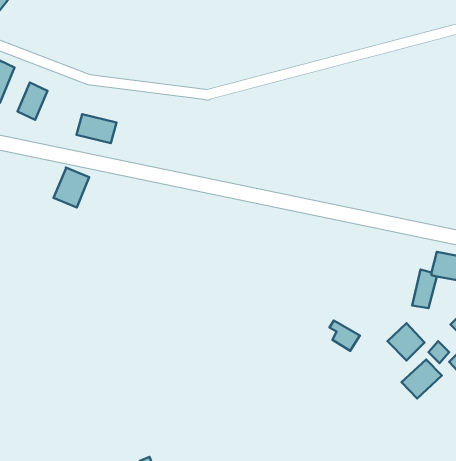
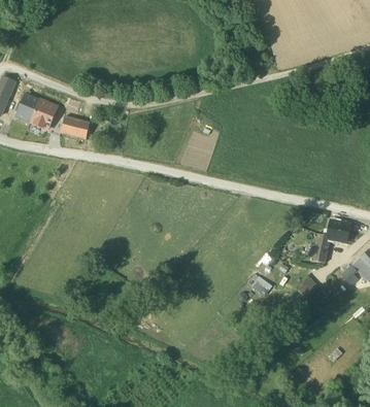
building: [53,167,89,207] -> [30,99,57,129]
building: [401,359,442,398] -> none

